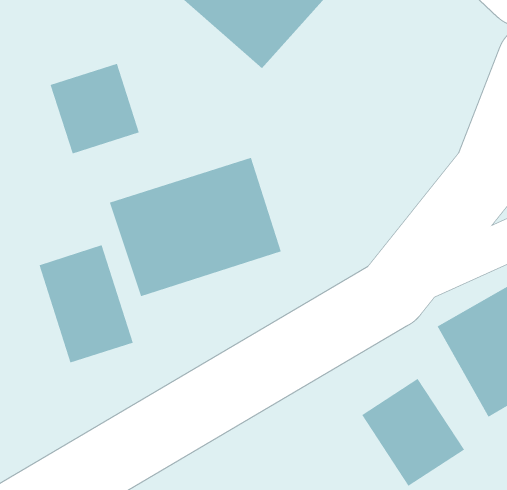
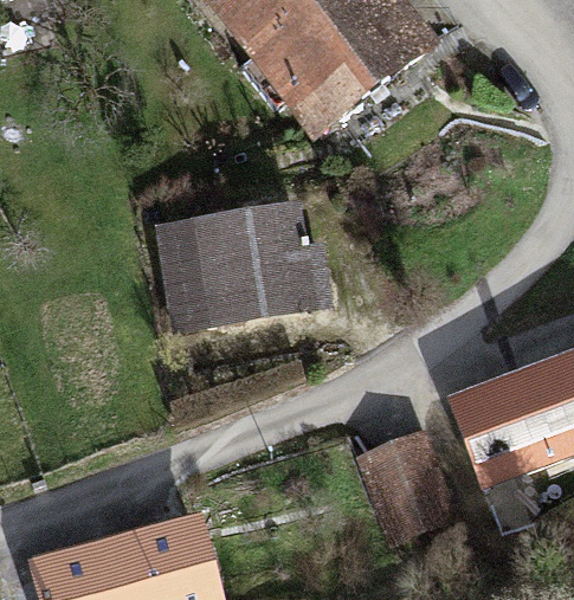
building: [50,63,140,155] -> none
building: [38,244,134,364] -> none

